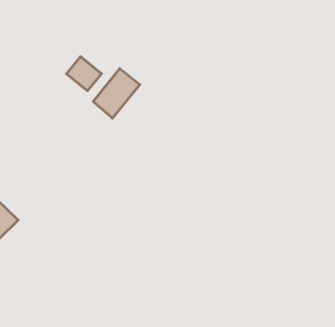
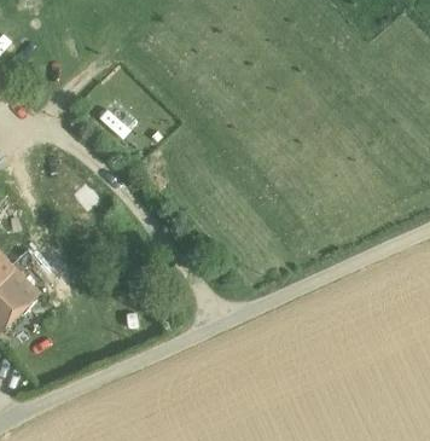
building: [93,68,140,118] -> none

